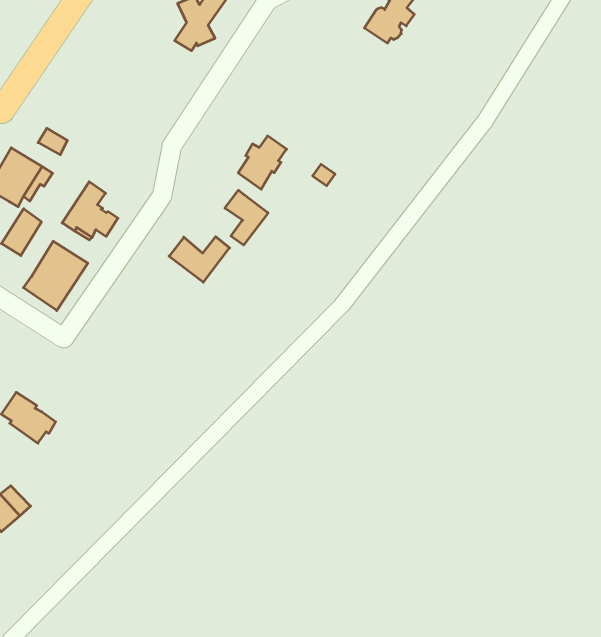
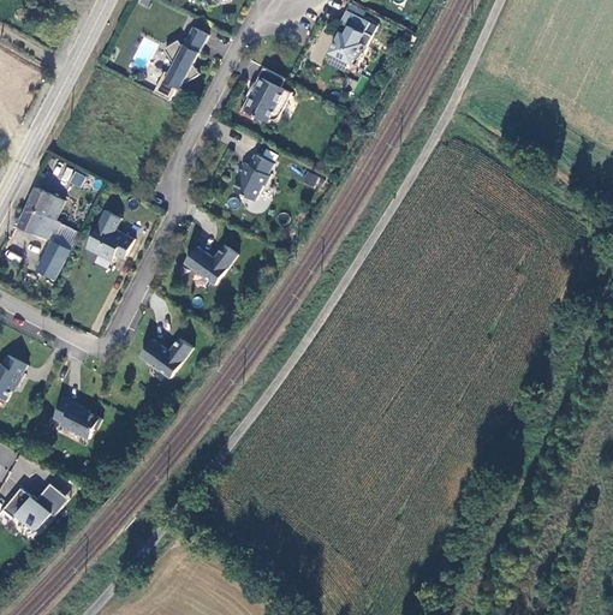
building: none -> [238,66,291,121]
building: [225,190,268,245] -> none
building: [23,241,88,311] -> none
building: none -> [138,338,191,377]

